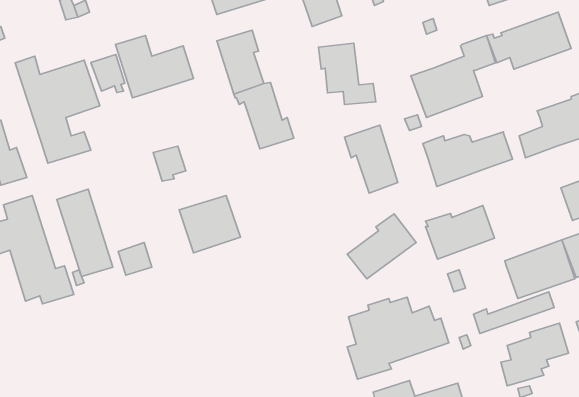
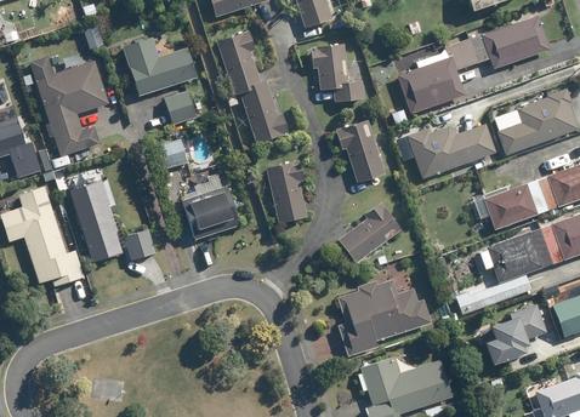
building: [91,55,125,92] -> [163,91,194,126]
building: none -> [267,161,308,223]
building: [426,206,495,259] -> [484,178,548,228]

